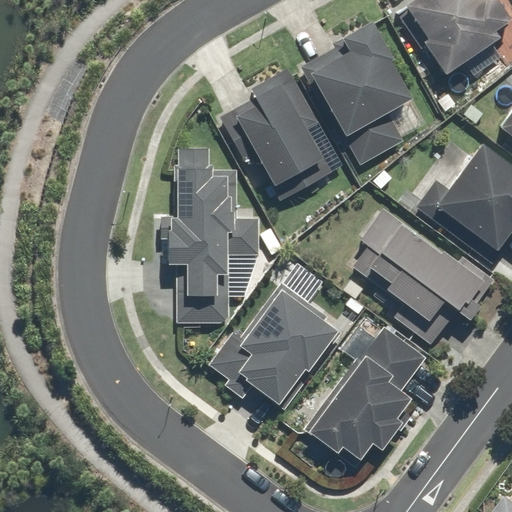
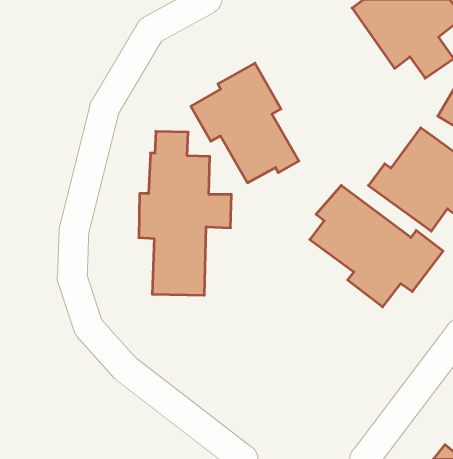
building: [304,21,430,163] -> none
building: [209,282,343,417] -> none
building: [308,324,428,465] -> none

